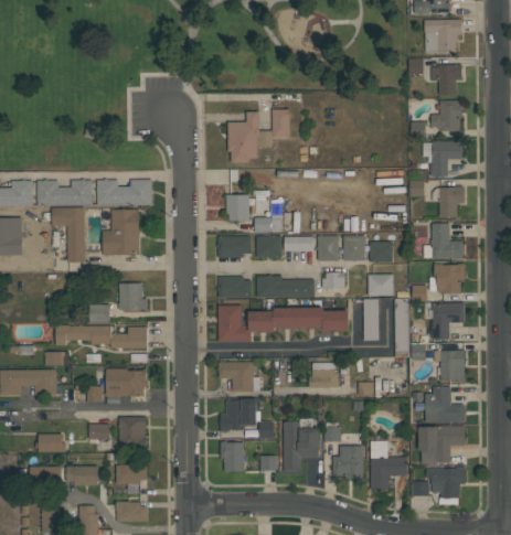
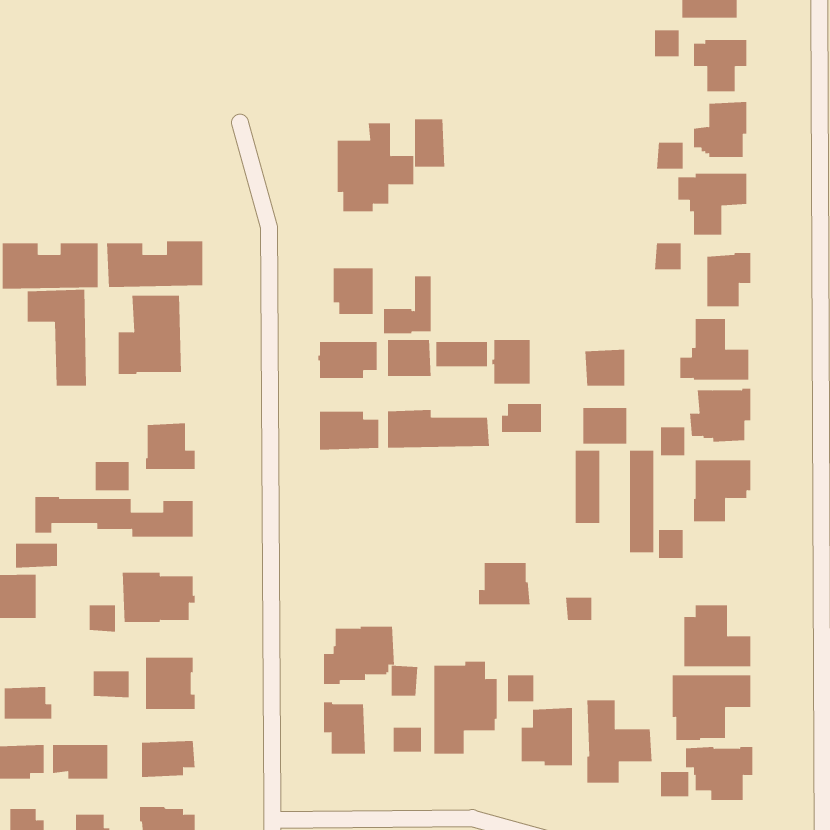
building: [343,236,365,260] -> none
building: [219,306,349,342] -> none
building: [435,350,465,381] -> none
building: [219,362,260,392] -> none

